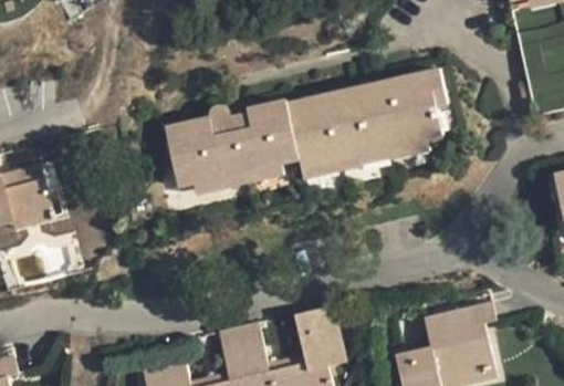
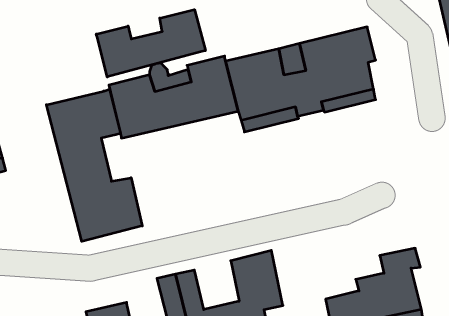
building: none -> [96,10,205,77]
building: none -> [46,89,142,241]

